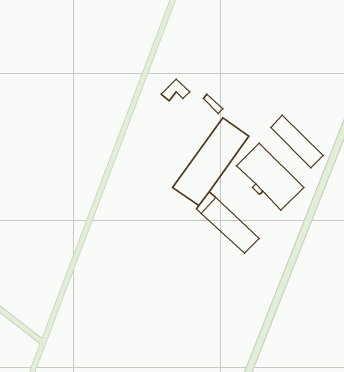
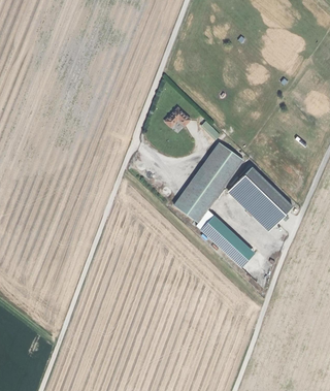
building: [271,115,323,168] -> none

